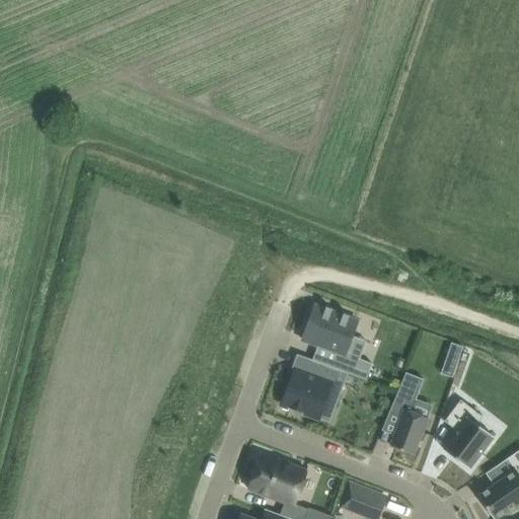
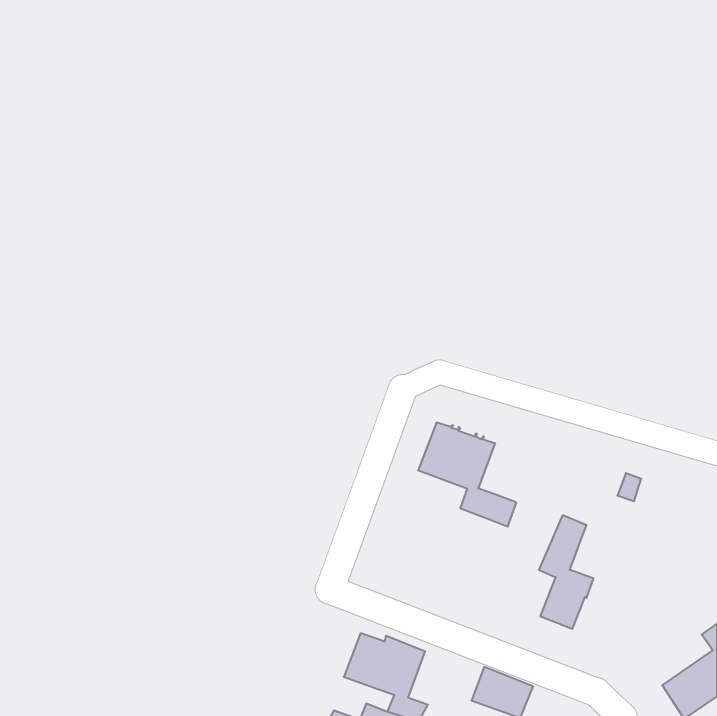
building: [284,359,348,418] -> none
building: [443,400,494,469] -> none

